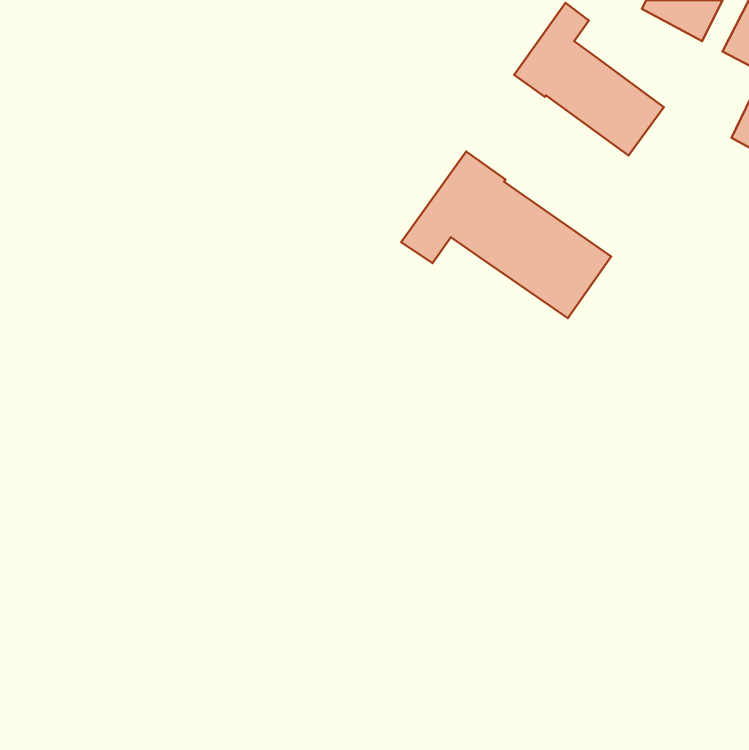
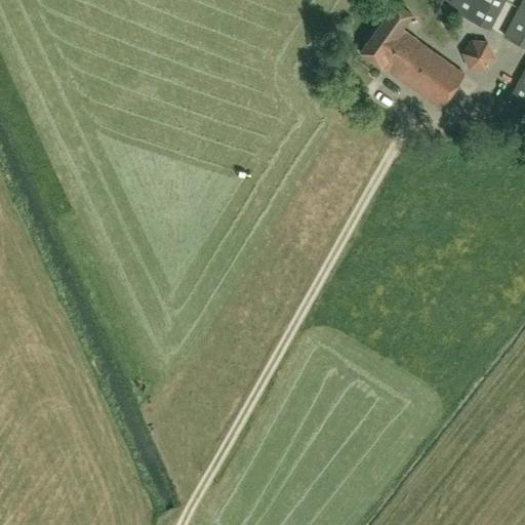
building: none -> [461,40,496,71]
building: [401,151,611,318] -> none

